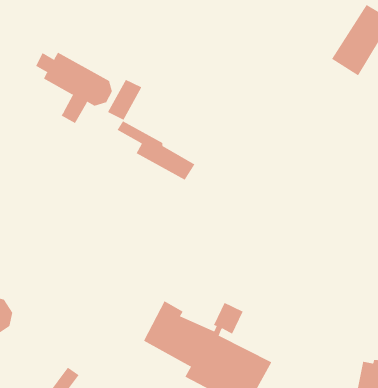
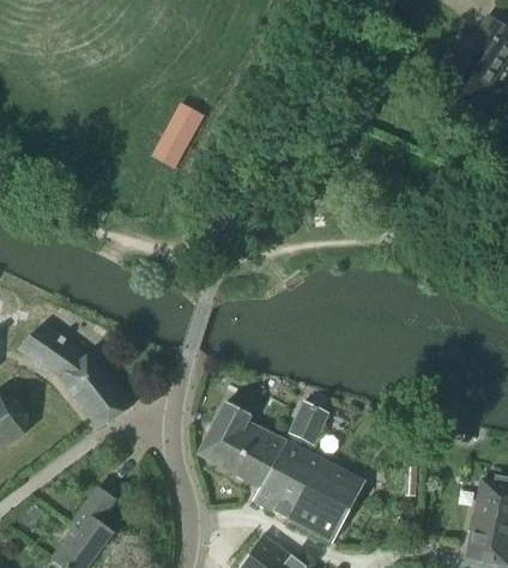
building: [35,52,113,124] -> none
building: [117,120,195,181] -> none
building: none -> [18,325,133,429]

